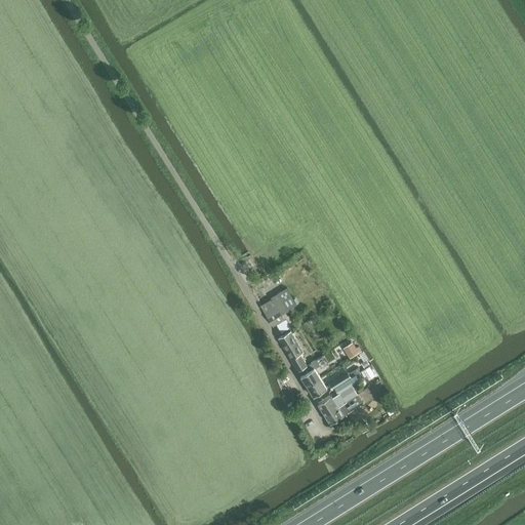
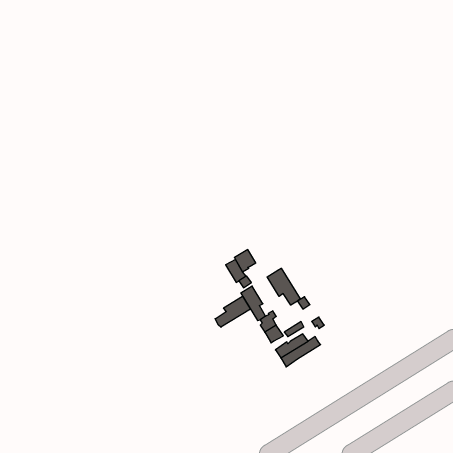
building: none -> [267,268,300,305]
building: none -> [215,296,250,327]

